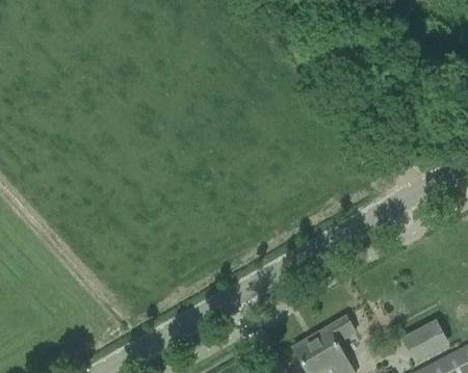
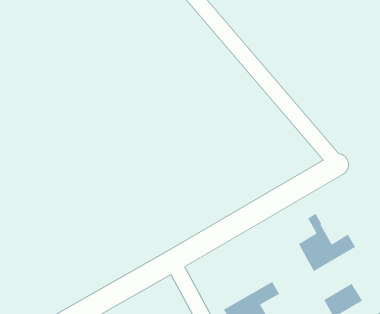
building: none -> [298,213,356,272]

